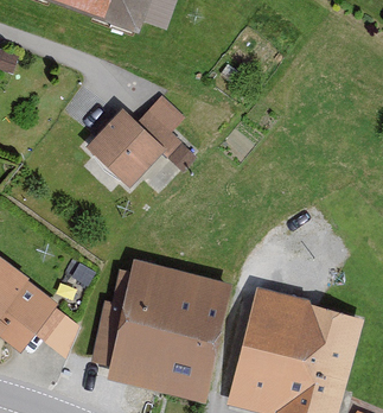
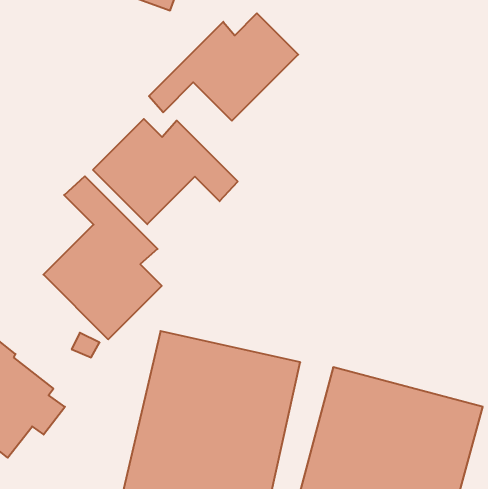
building: none -> [149,13,298,121]
building: none -> [43,176,162,339]

